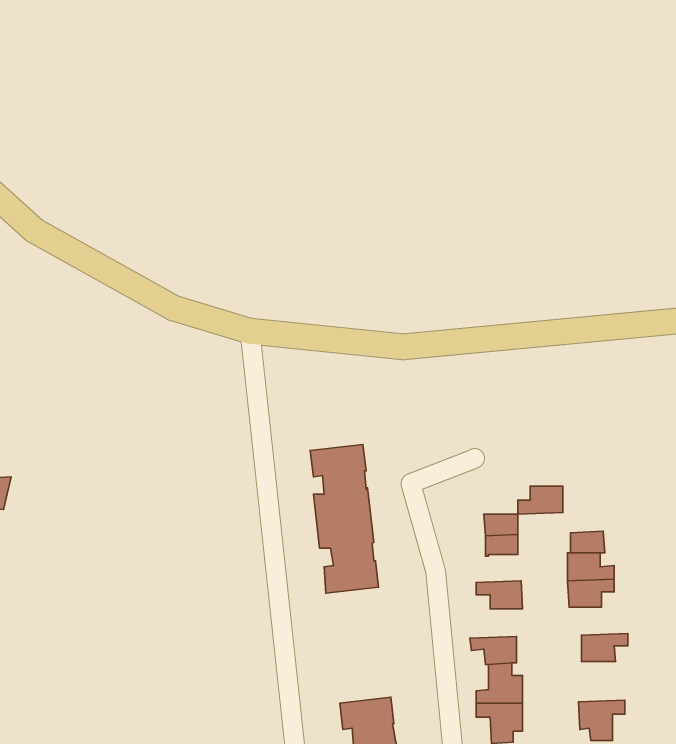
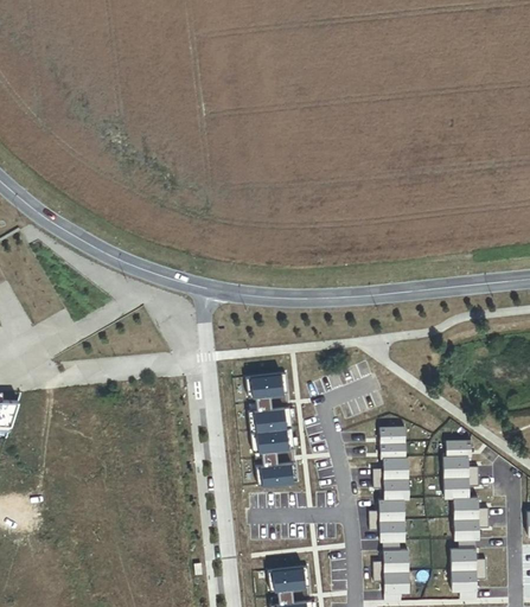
building: [518,486,563,514] -> [372,458,407,479]
building: none -> [452,497,489,519]
building: none -> [368,499,403,522]
building: none -> [449,539,486,570]

